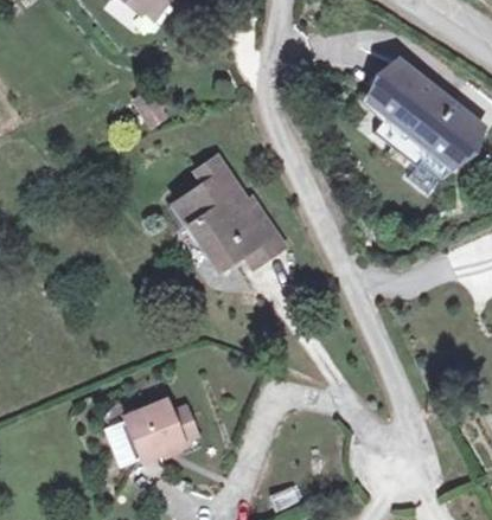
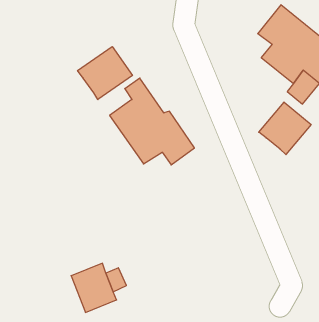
building: none -> [78,47,132,100]
building: none -> [259,102,311,155]

